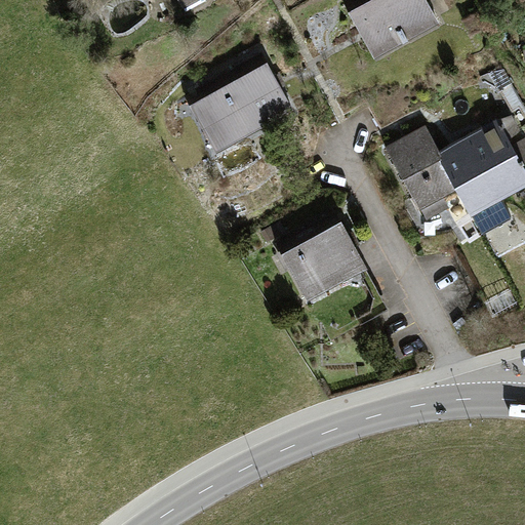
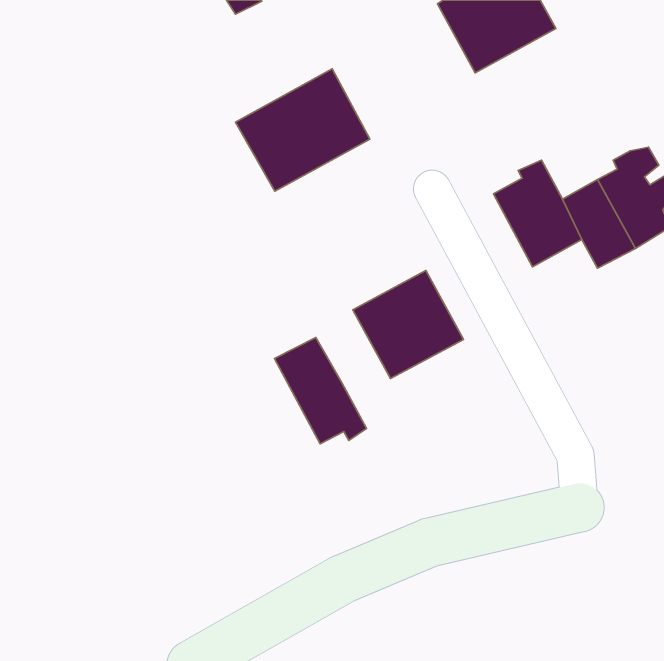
building: none -> [275,338,366,444]

